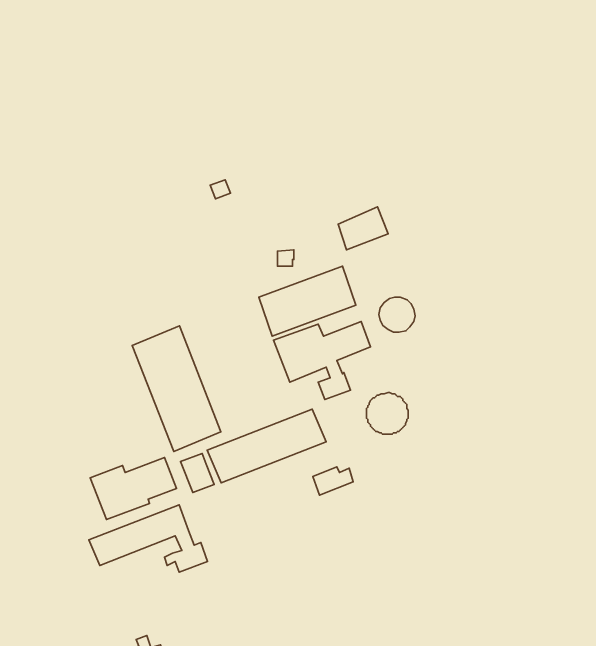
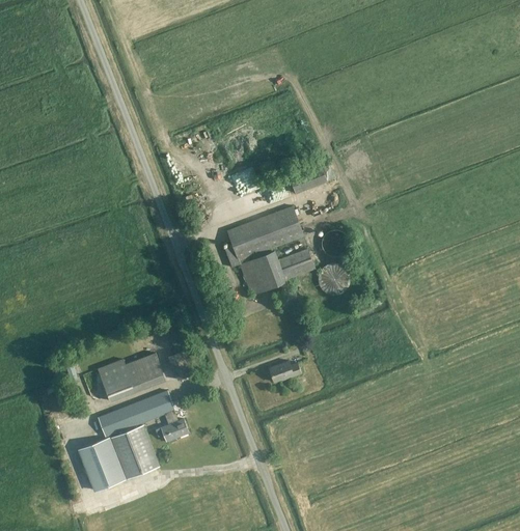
building: [132,326,221,452] -> none
building: [366,392,408,434] -> [316,263,348,296]
building: [207,409,326,483] -> none
building: none -> [79,425,159,492]

